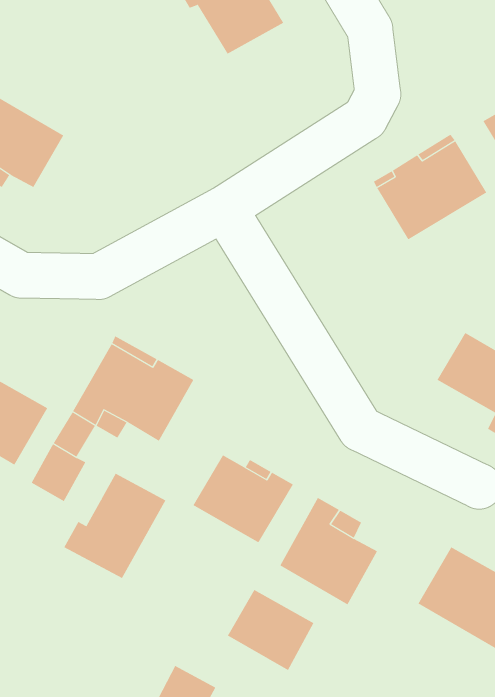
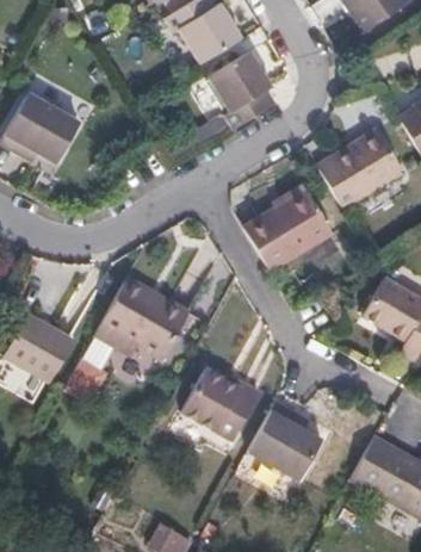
building: none -> [209,50,275,131]
building: none -> [240,182,335,268]
building: [64,473,166,579] -> none
building: [227,589,314,671] -> none

